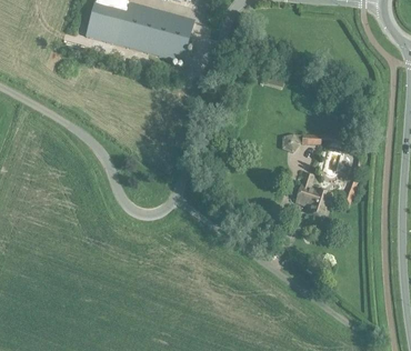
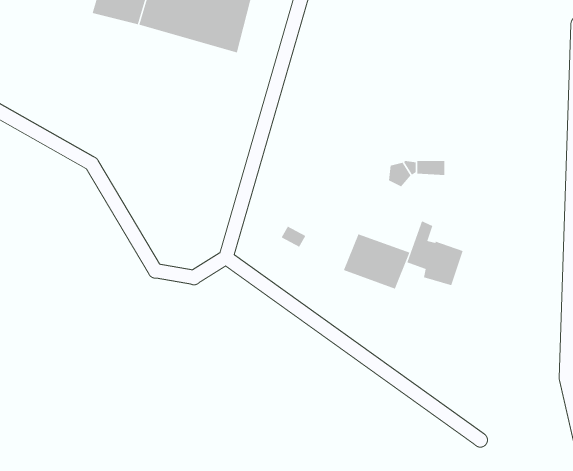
building: none -> [343,233,410,289]

